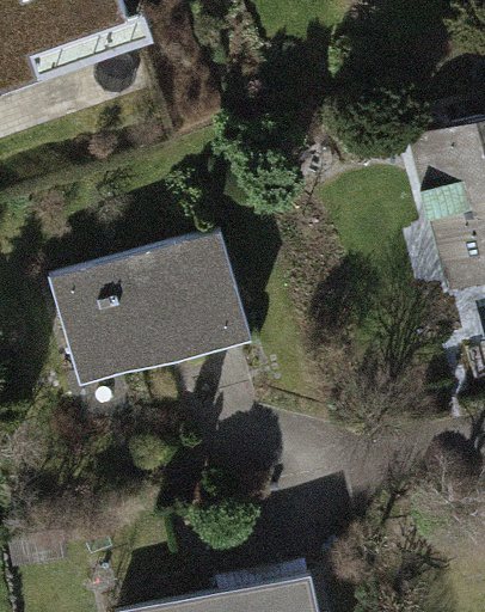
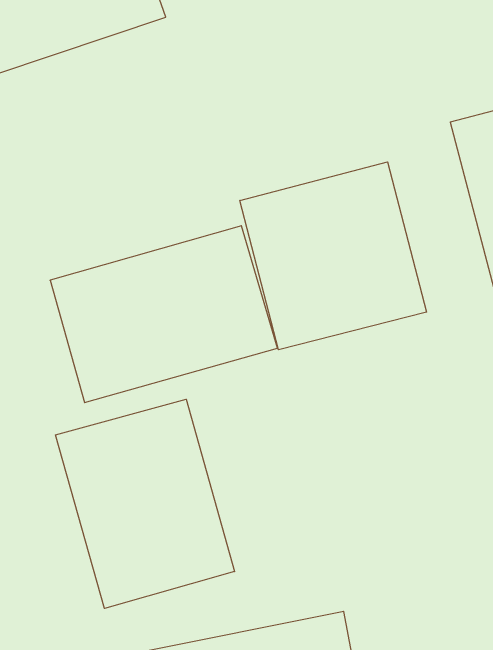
building: none -> [240,162,427,350]
building: none -> [55,399,235,608]

